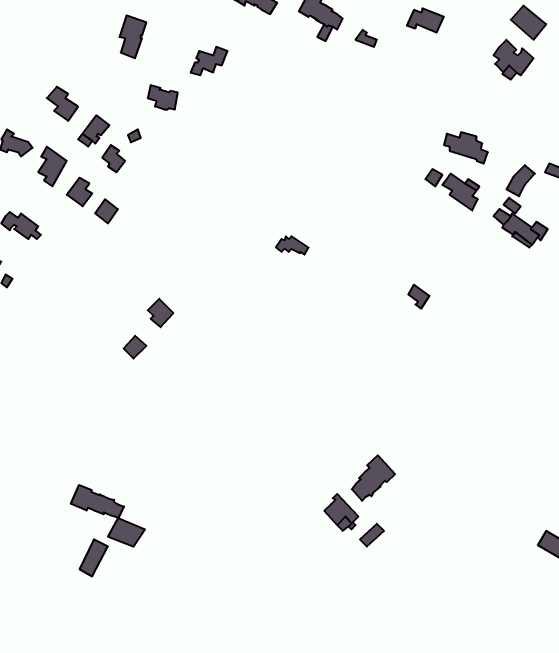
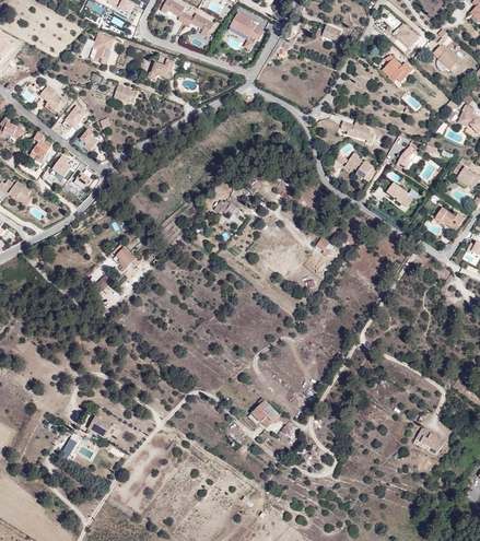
building: [352,455,395,501] -> none
building: [71,485,124,518] -> none

